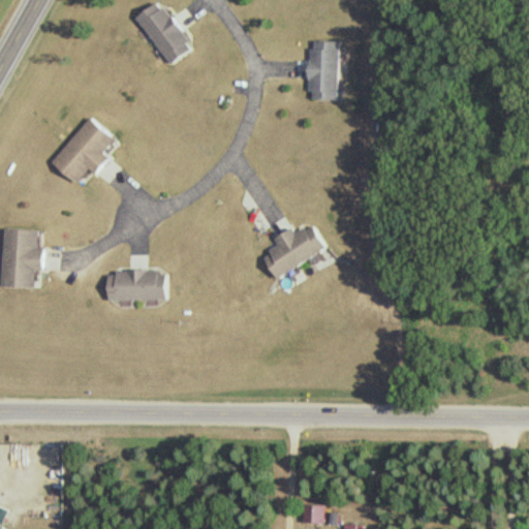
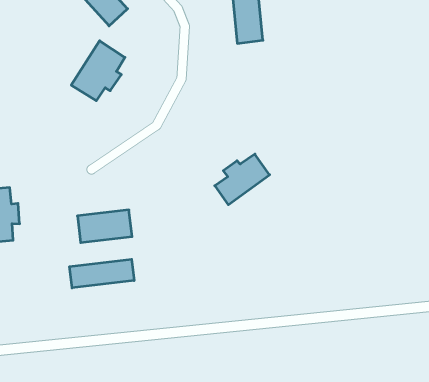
building: [50,118,113,184] -> [71,41,125,101]
building: none -> [70,259,134,288]

